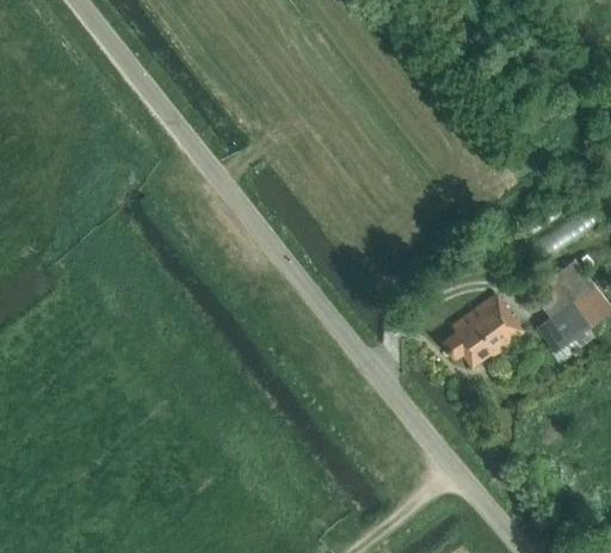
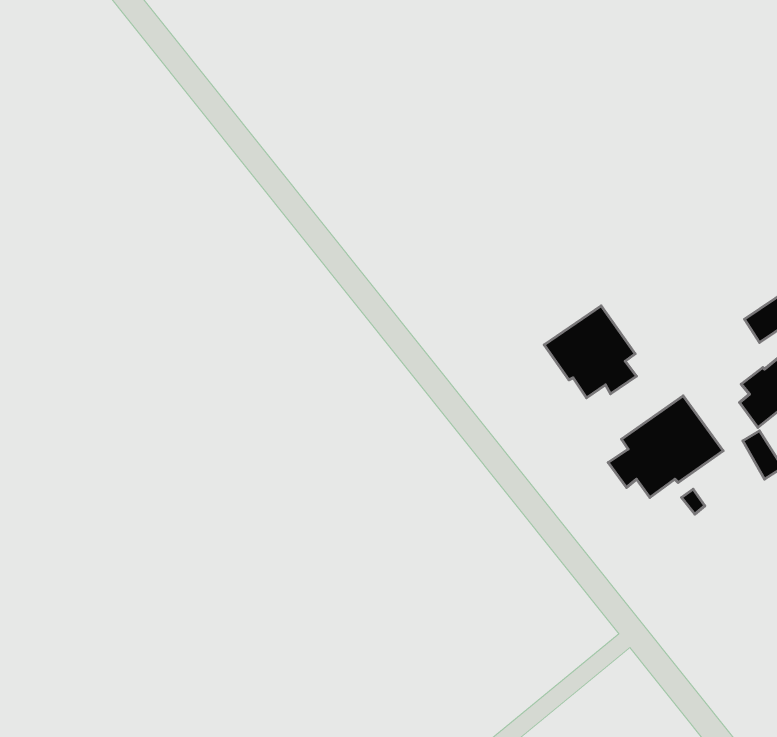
building: none -> [544,306,637,398]

